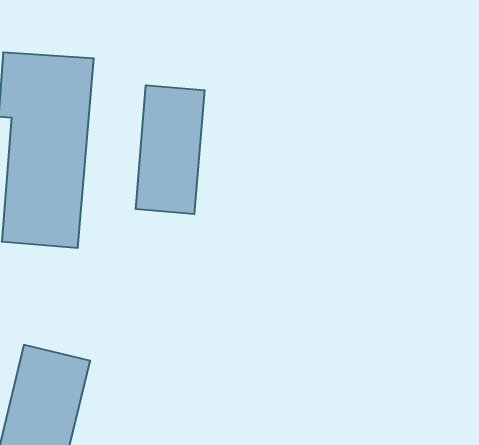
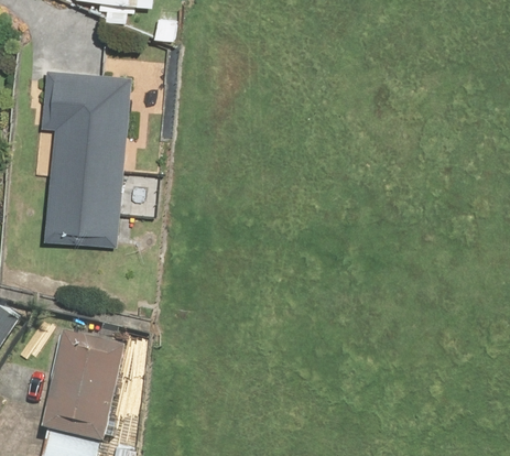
building: [136,85,204,214] -> none

